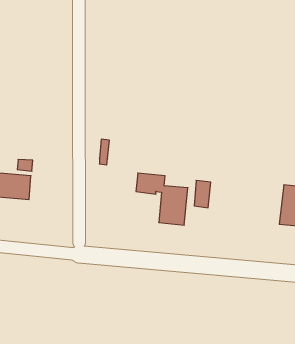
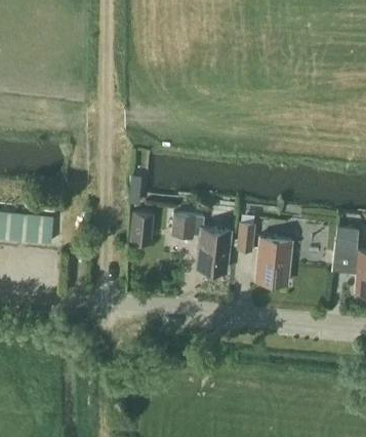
building: none -> [131,213,152,243]
building: none -> [255,238,291,285]

